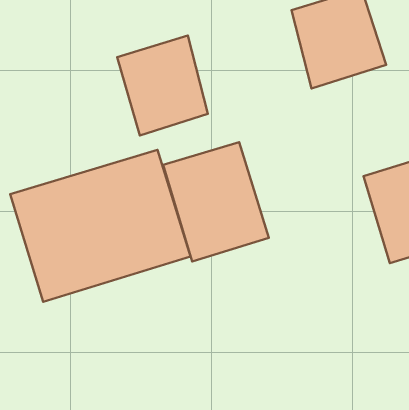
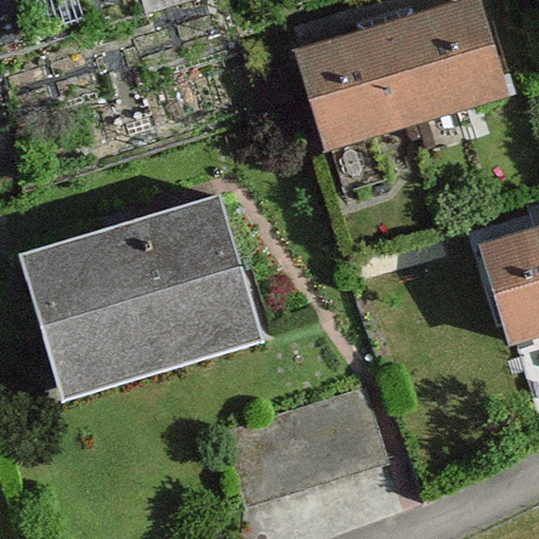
building: [117,35,208,136] -> [296,22,413,151]
building: [163,142,269,261] -> none

